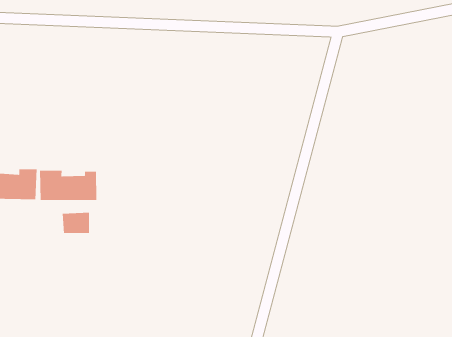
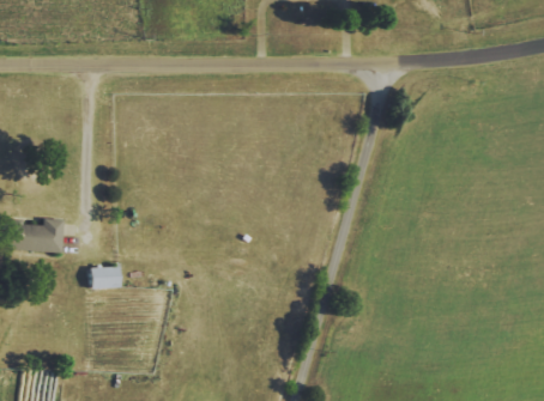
building: [40,170,97,201] -> none

